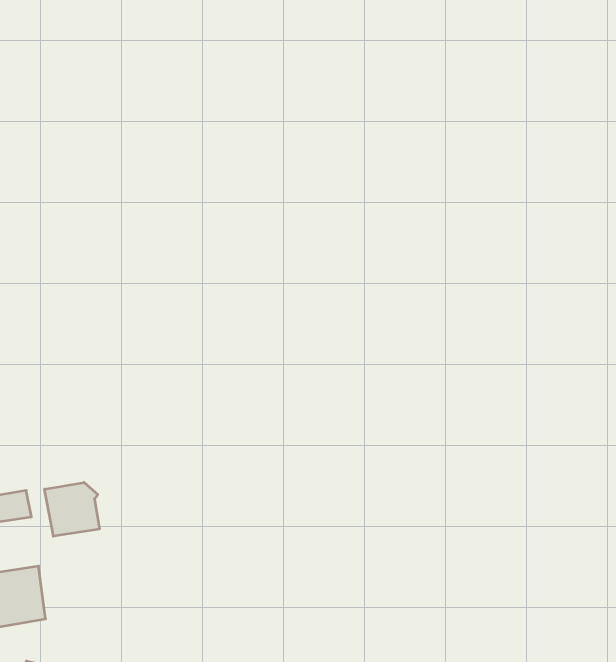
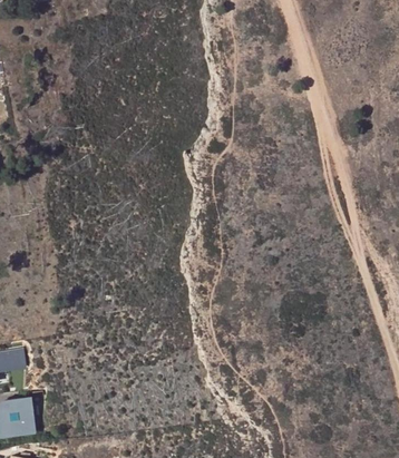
building: [45,482,99,536] -> none

